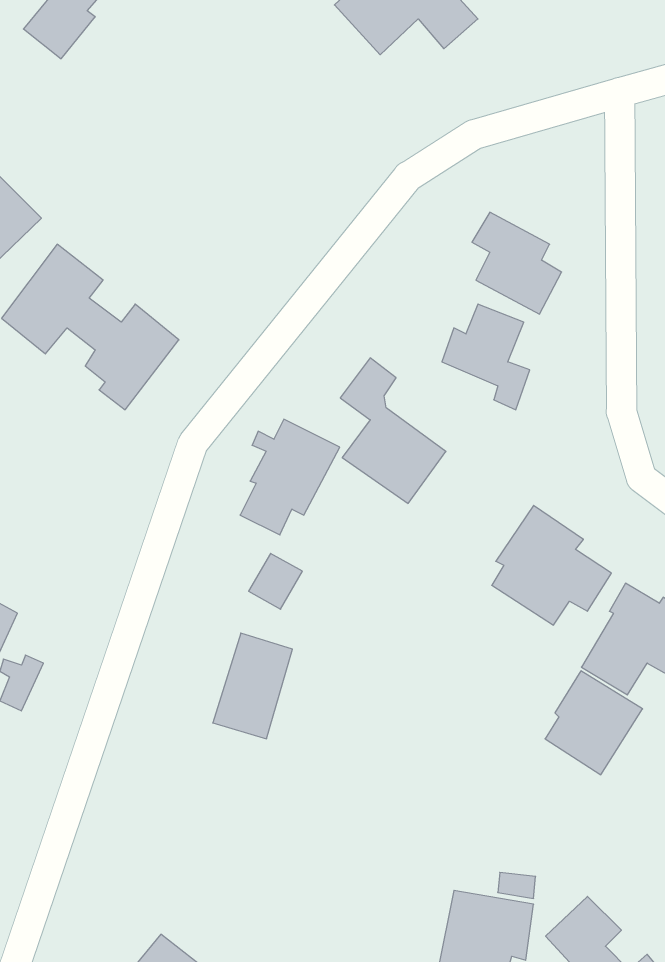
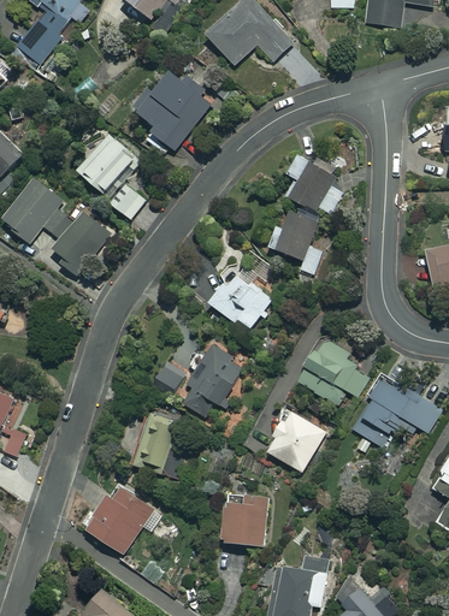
building: none -> [138,70,213,150]
building: none -> [78,130,147,220]
building: [240,419,340,535] -> [184,348,244,417]
building: [545,671,643,775] -> [268,410,327,473]
building: none -> [87,484,164,553]
building: none -> [223,494,267,546]

